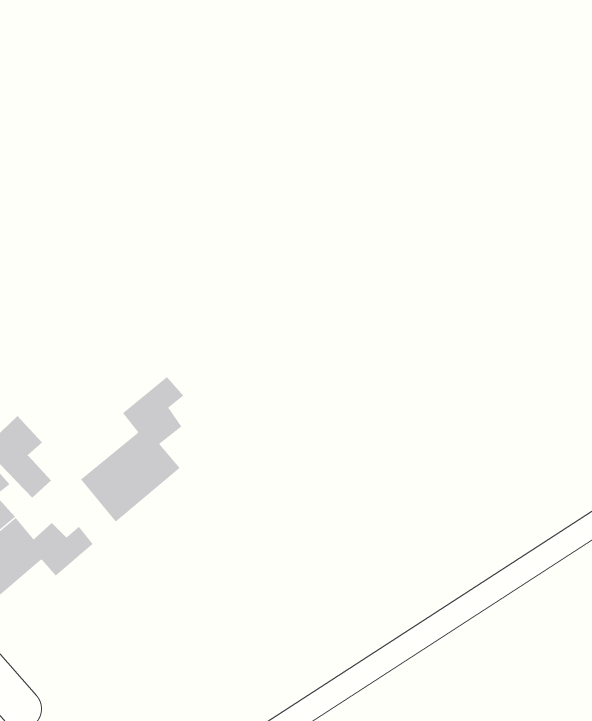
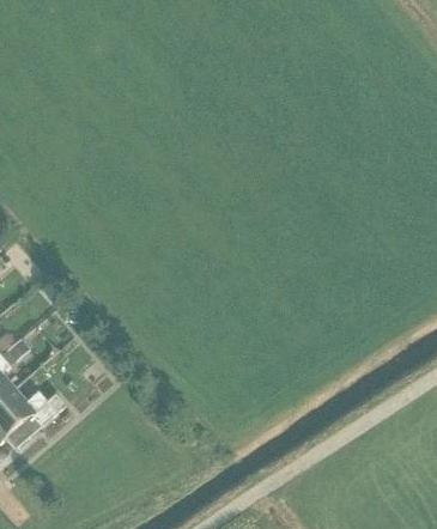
building: [80,376,184,523] -> none

